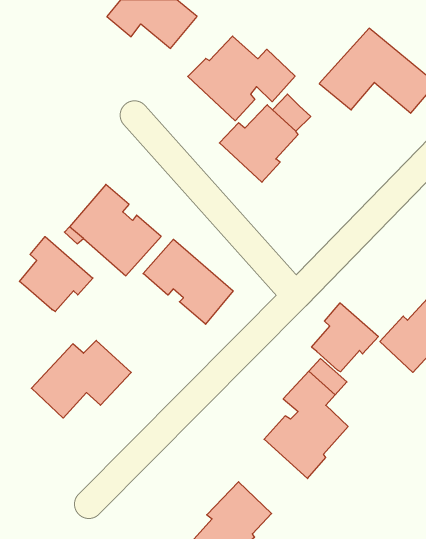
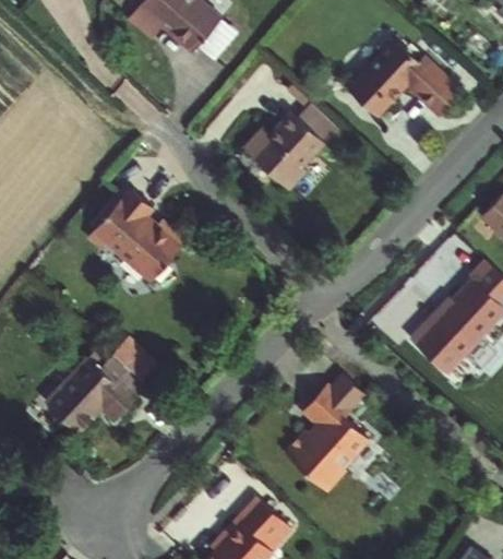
building: [188,36,295,121] -> none
building: [19,237,93,312] -> none
building: [143,239,233,324] -> none
building: [312,303,378,372] -> none

